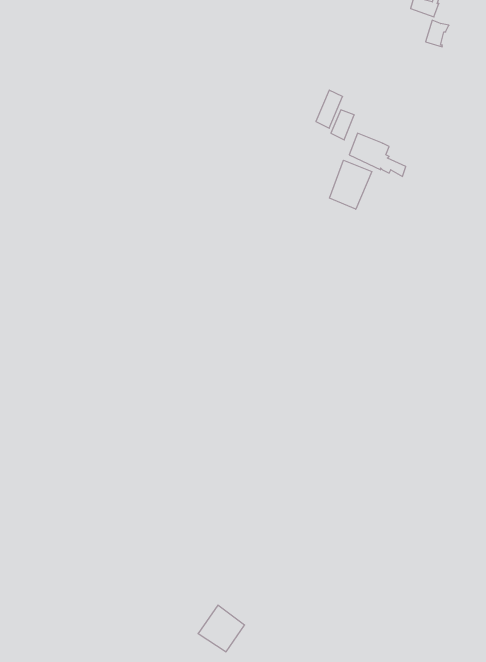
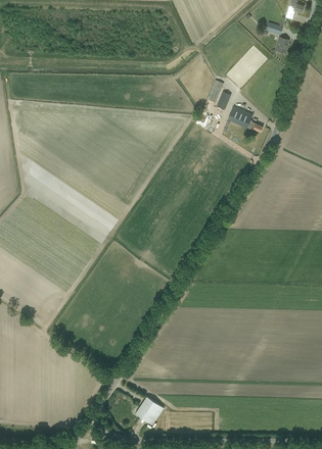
building: [329,160,372,209] -> none

